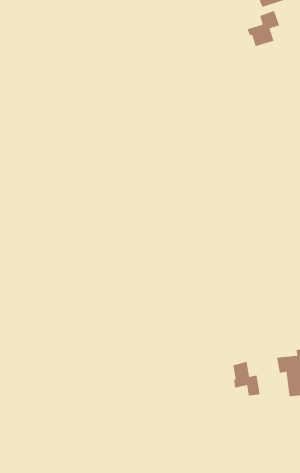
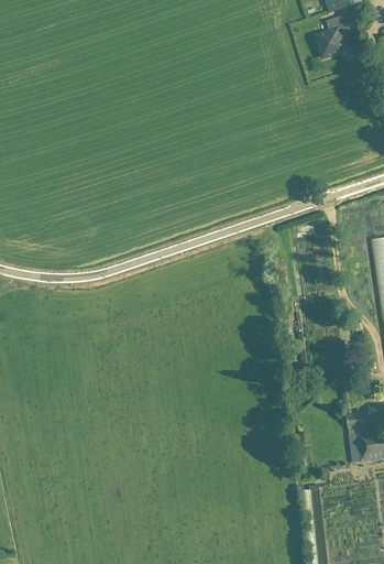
building: [232,361,260,397] -> none

